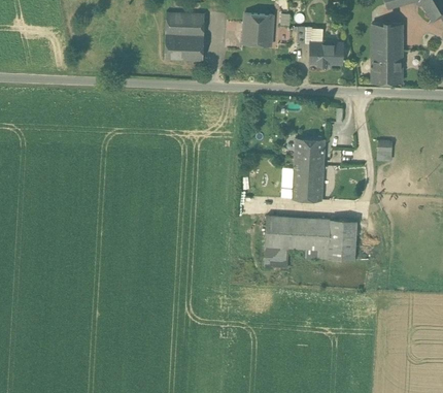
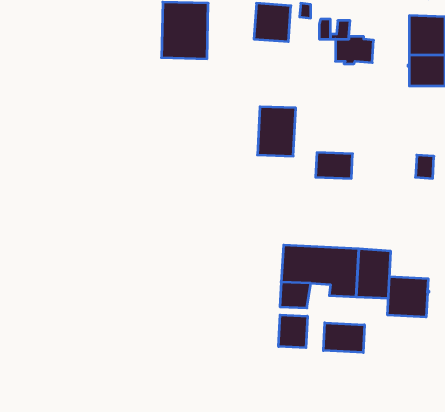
building: [292,159,323,200] -> [257,107,296,156]
building: none -> [388,277,429,317]
building: none -> [279,315,307,348]
building: none -> [323,323,364,353]

